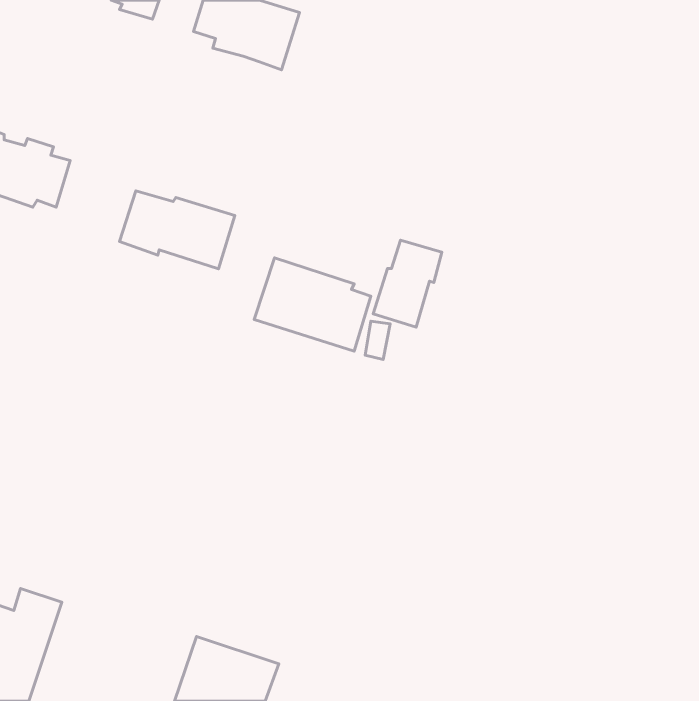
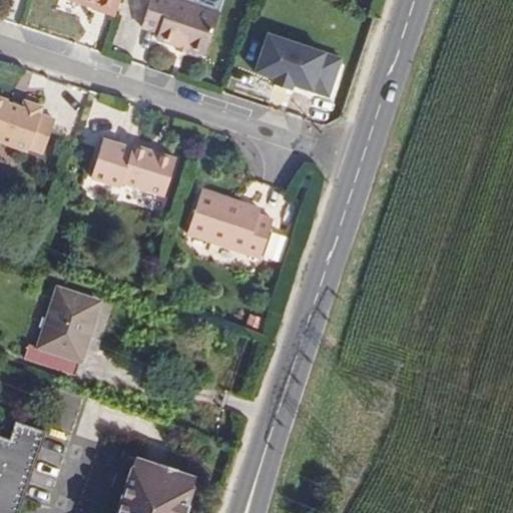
building: none -> [249,28,338,91]
building: [373,240,442,327] -> none
building: none -> [27,290,96,371]

